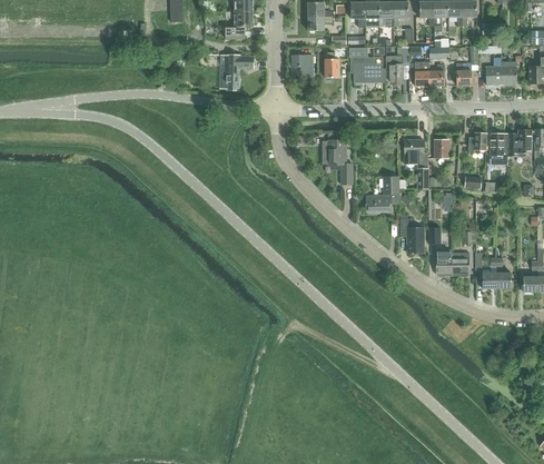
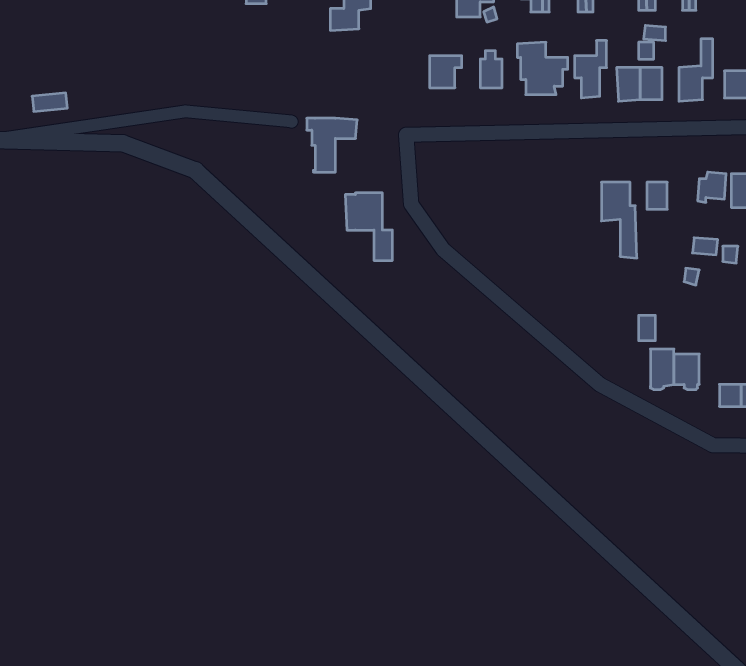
building: [220,55,254,90] -> [307,118,357,172]
building: [320,139,352,184] -> [345,193,392,260]
building: [365,175,400,211] -> none
building: [402,217,426,253] -> none

